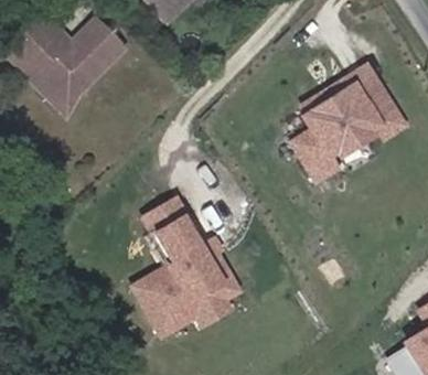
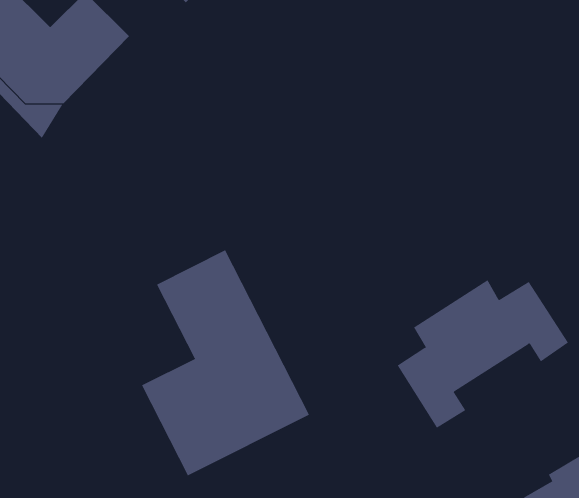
building: [291,86,406,185] -> [397,280,569,428]

